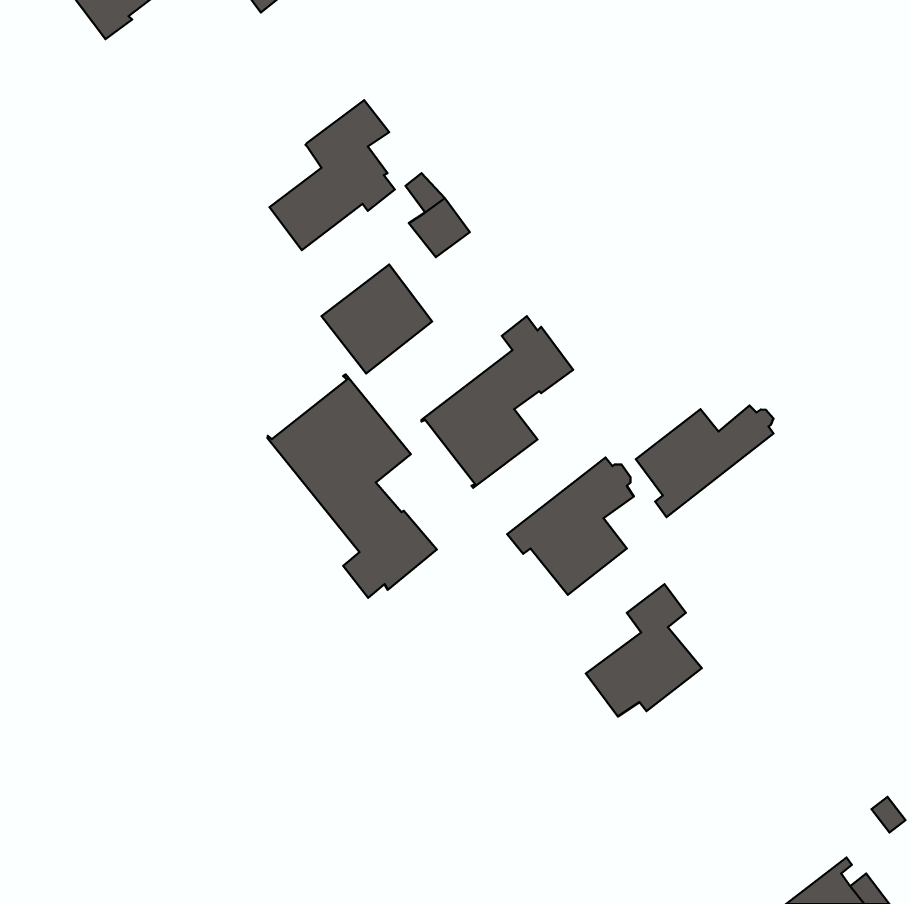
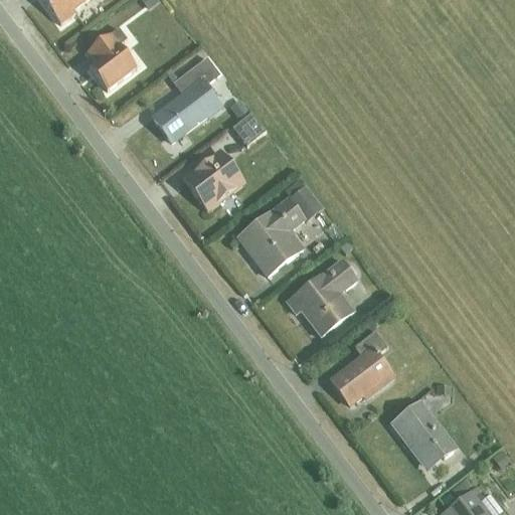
building: none -> [87,26,135,89]
building: [267,374,437,598] -> none
building: [636,406,774,517] -> none
building: none -> [391,400,456,467]

